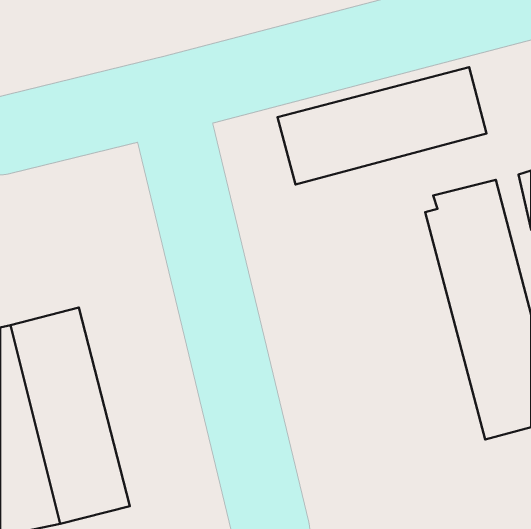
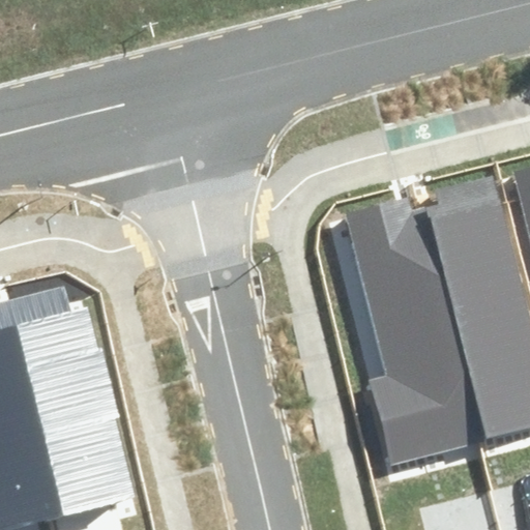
building: [278,67,486,185] -> none
building: none -> [344,198,483,462]

